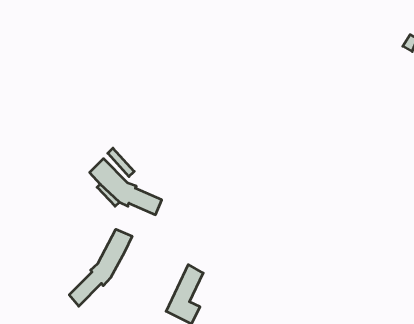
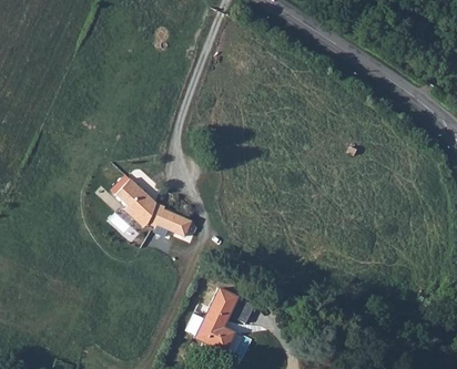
building: [69,229,132,306] -> none

